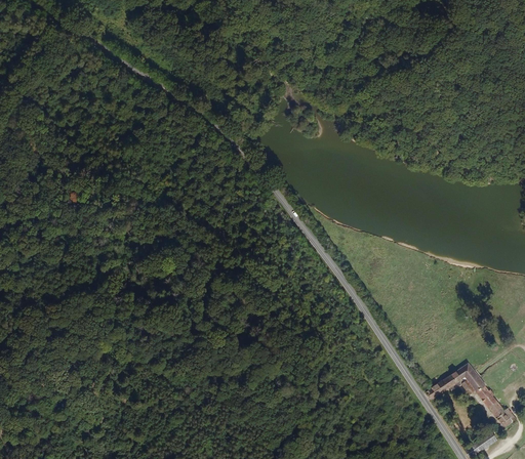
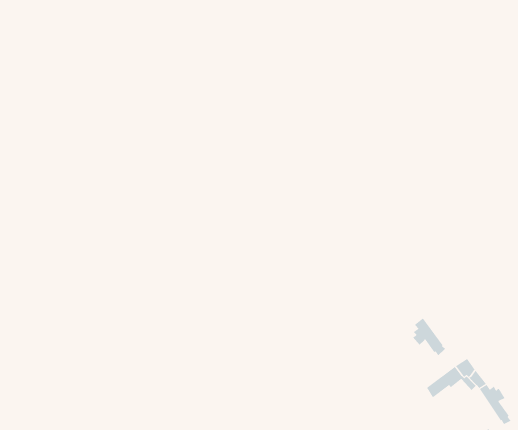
building: none -> [412,318,446,356]

